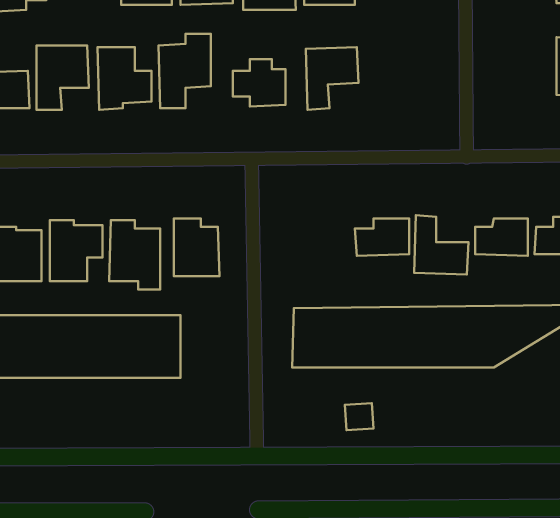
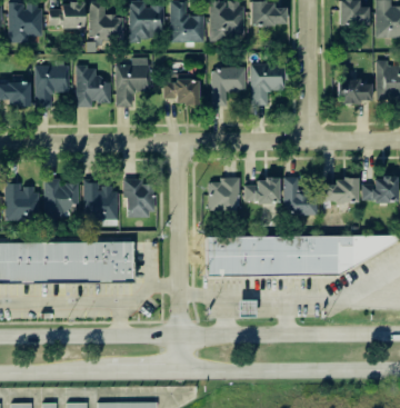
building: none -> [252,62,286,105]
building: none -> [338,78,372,103]
building: none -> [209,177,240,211]

